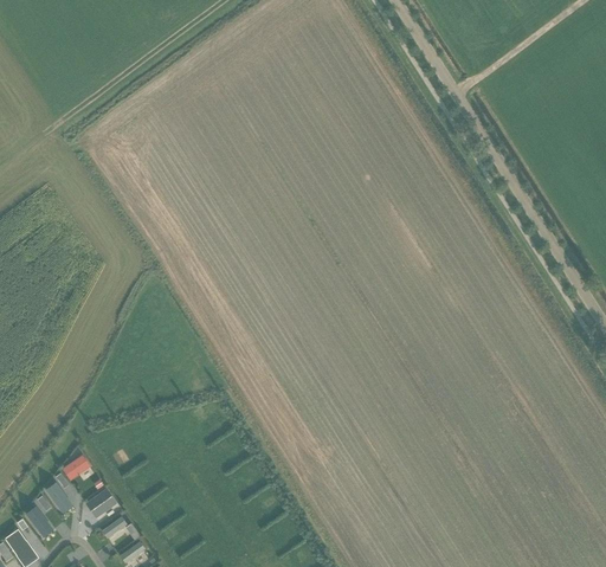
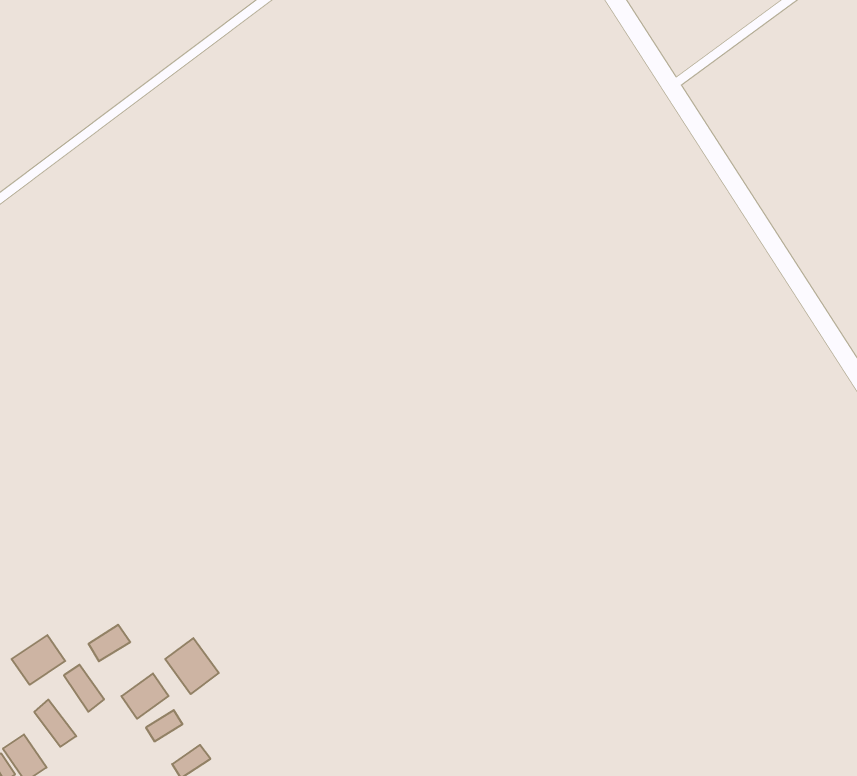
building: none -> [12,635,65,685]
building: none -> [165,638,219,694]

